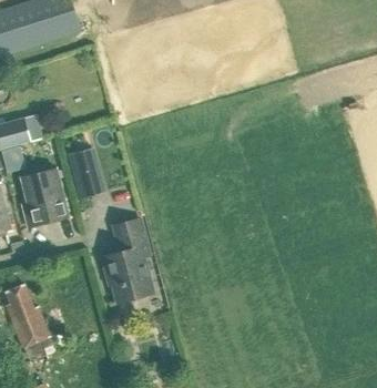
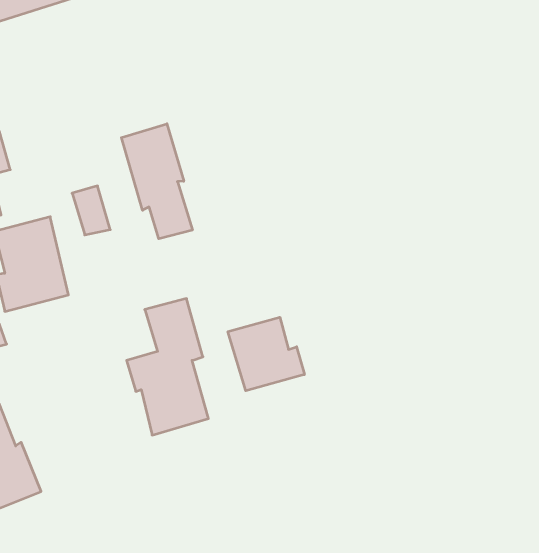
building: none -> [121,124,192,239]
building: none -> [228,317,304,391]

